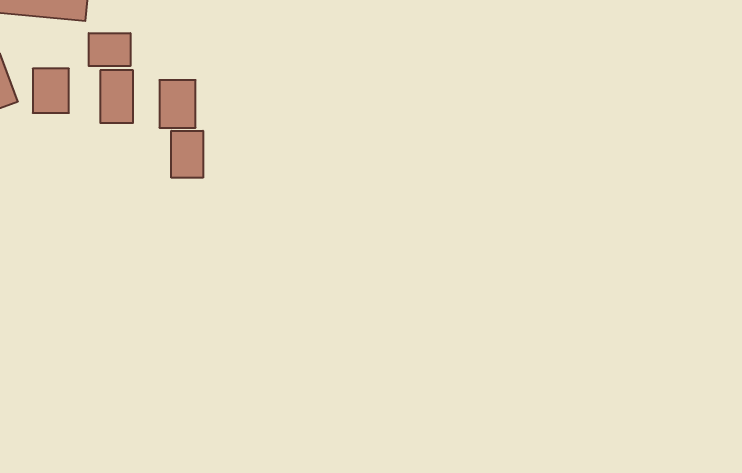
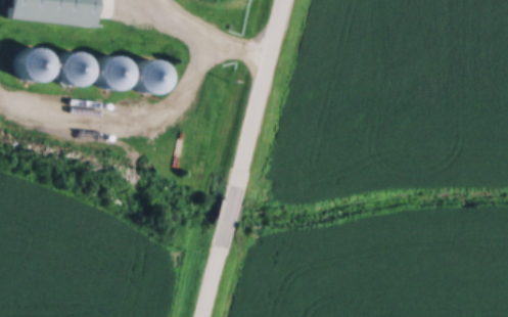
building: [89,33,130,66] -> none
building: [171,131,203,178] -> none

